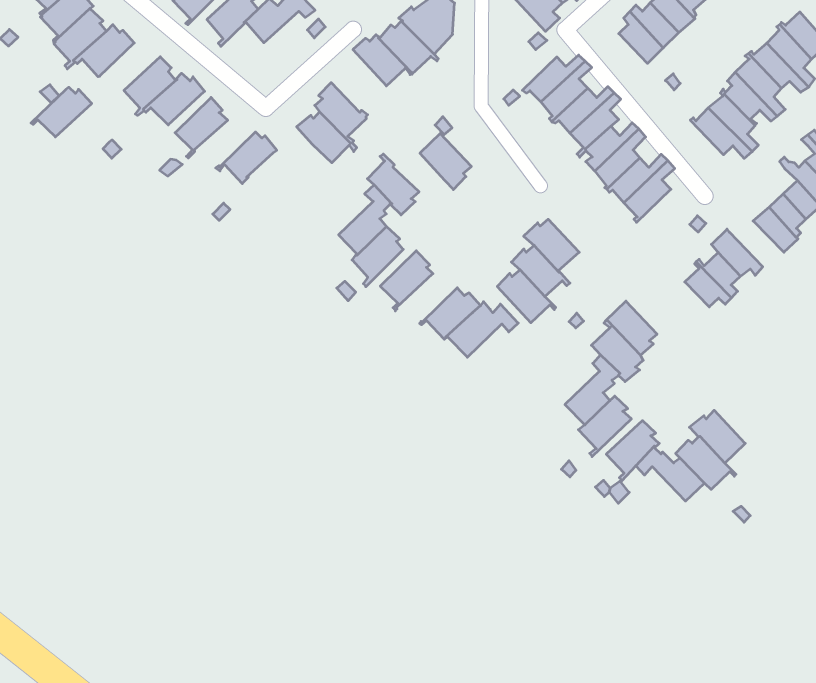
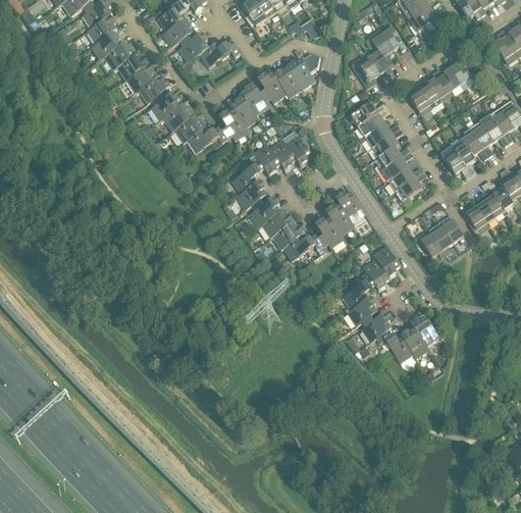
building: none -> [241,83,268,114]
building: [31,87,92,137] -> [113,53,149,80]
building: none -> [159,103,195,132]
building: none -> [268,135,296,170]
building: none -> [186,126,226,153]
building: none -> [257,210,293,238]

